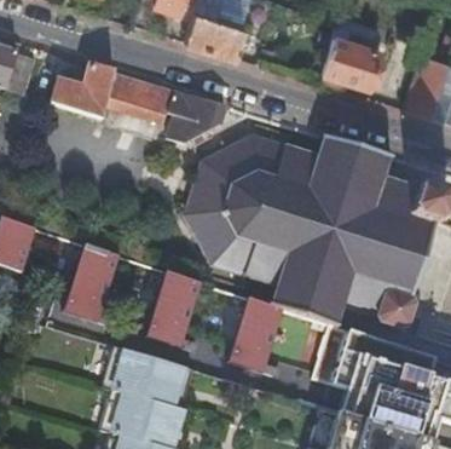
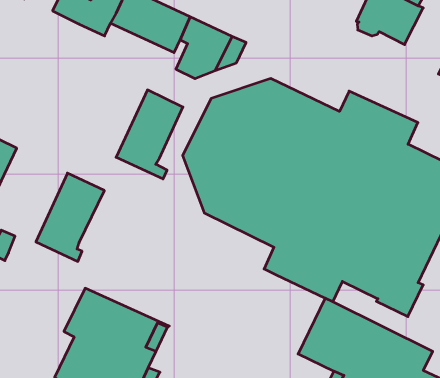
building: [146,272,200,350] -> [116,90,183,179]
building: [229,299,282,375] -> none

